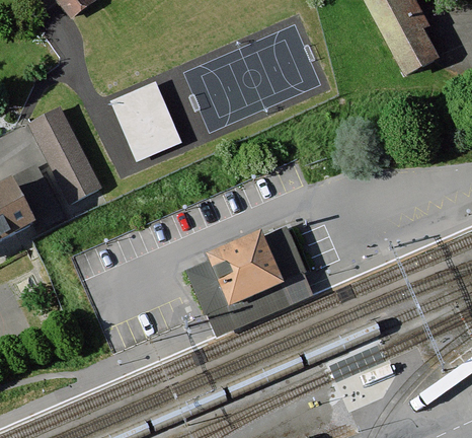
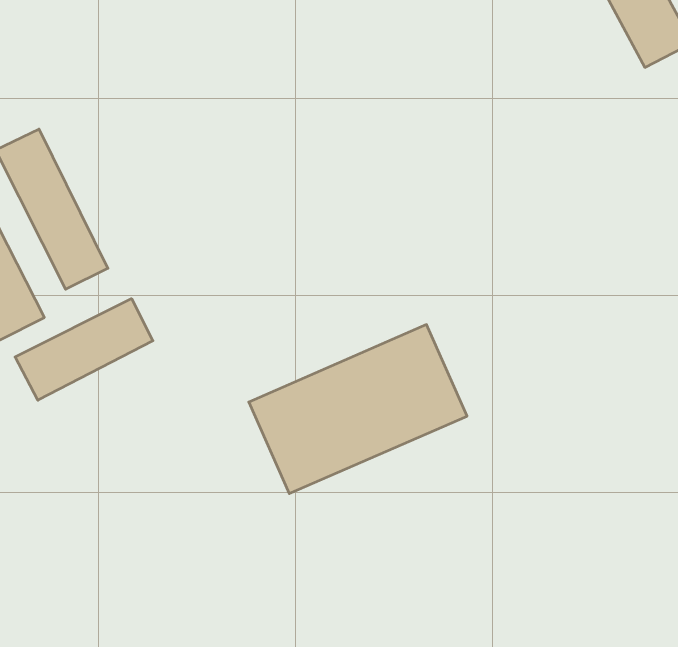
building: [110,81,180,158] -> none
building: none -> [15,299,153,400]

